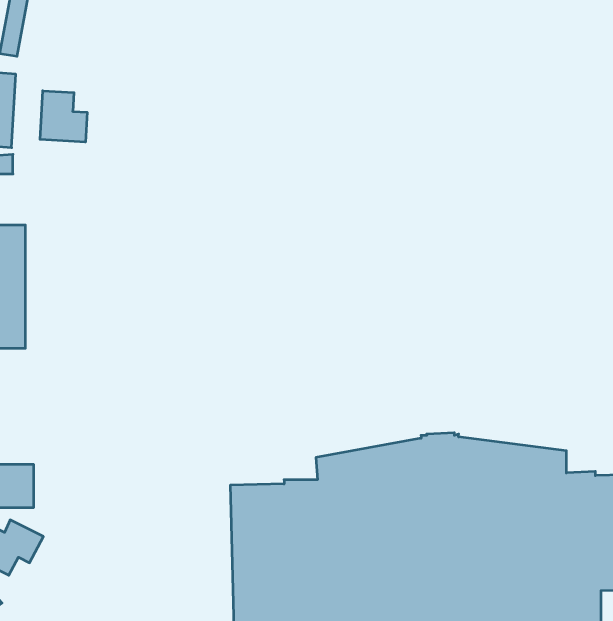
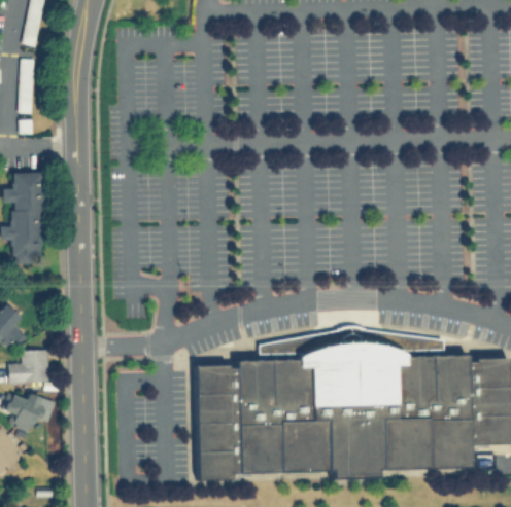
building: [40,91,87,142] -> none

